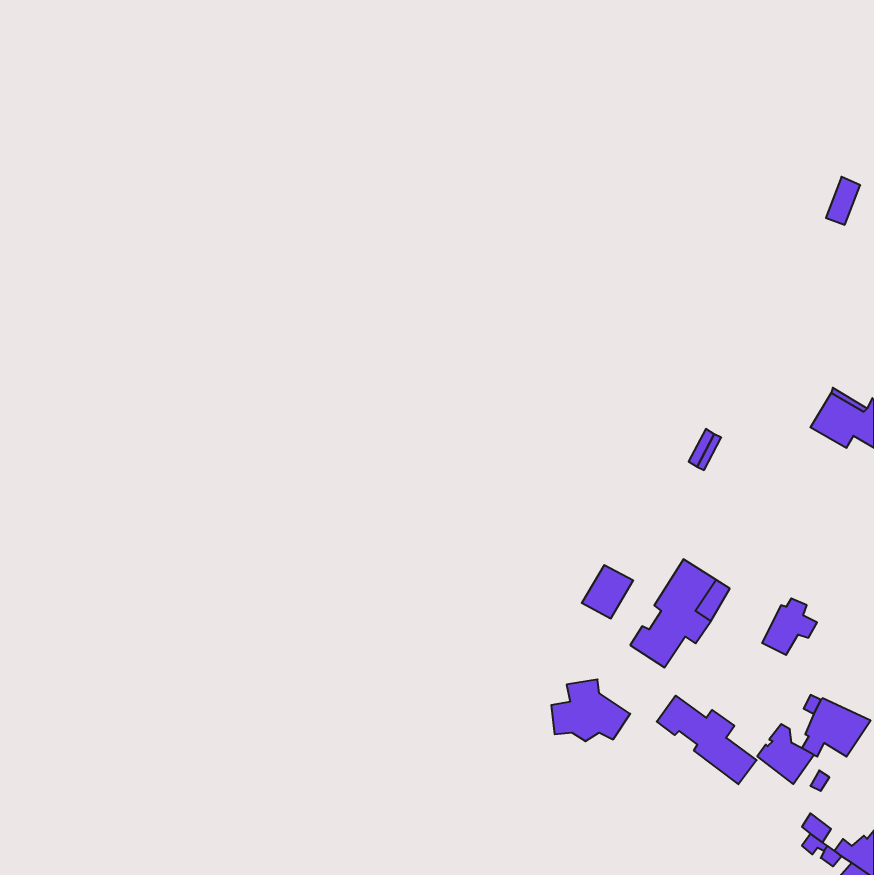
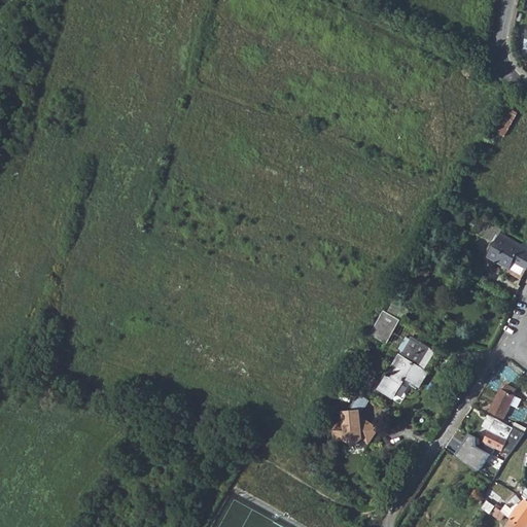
building: [582,565,633,618] -> [367,311,398,343]
building: [762,598,817,655] -> [487,385,520,419]
building: [657,696,757,784] -> none

